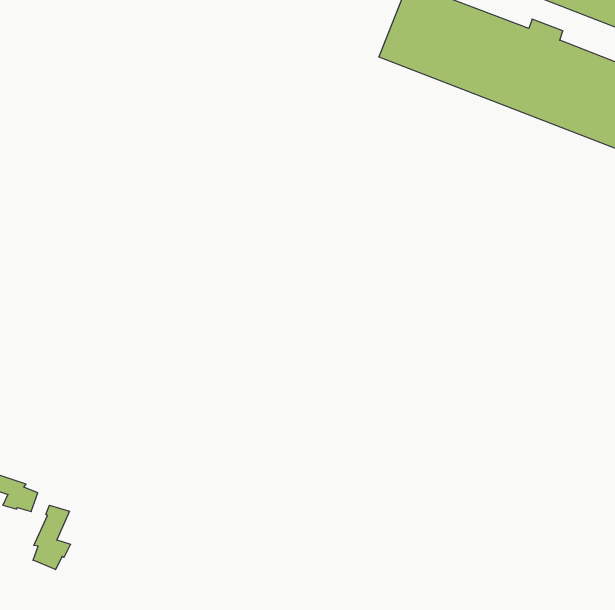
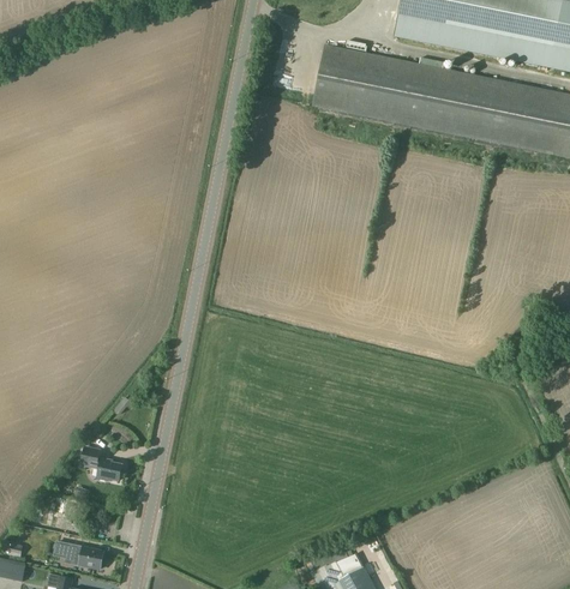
building: [33,505,71,570] -> none

